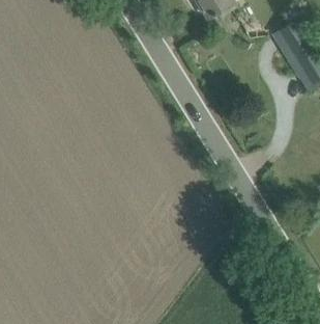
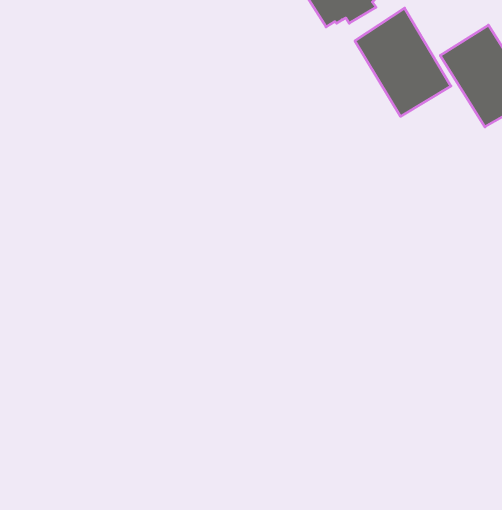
building: none -> [355,8,451,116]

